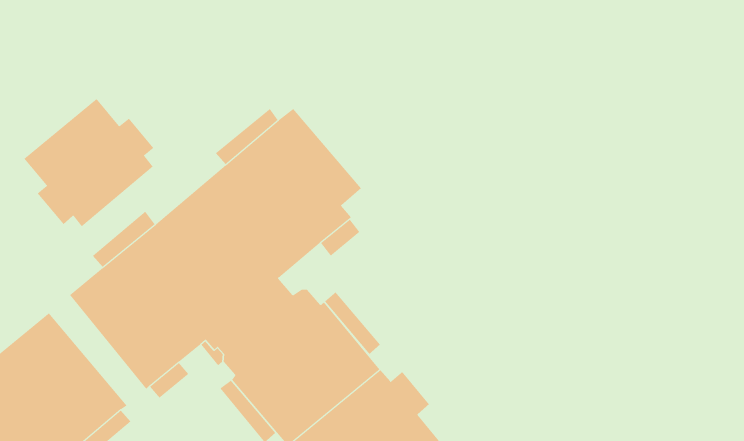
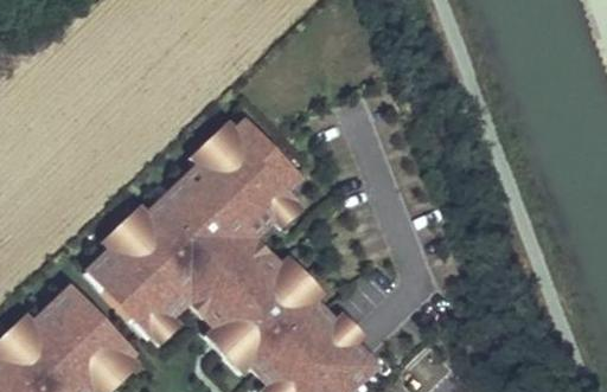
building: [23,98,154,227] -> none

